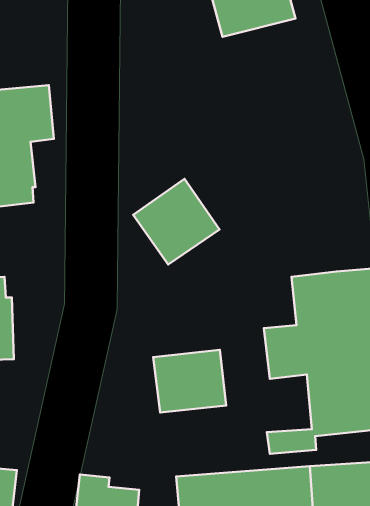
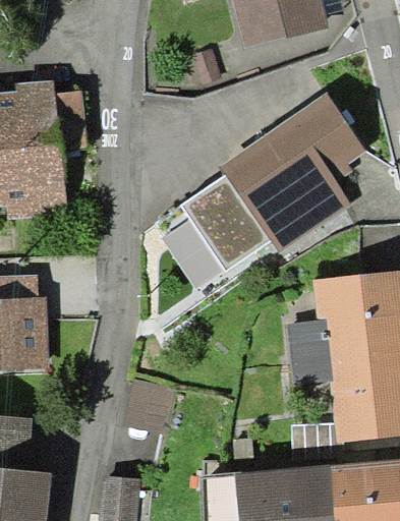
building: none -> [227,102,359,248]
building: [153,350,226,413] -> none

